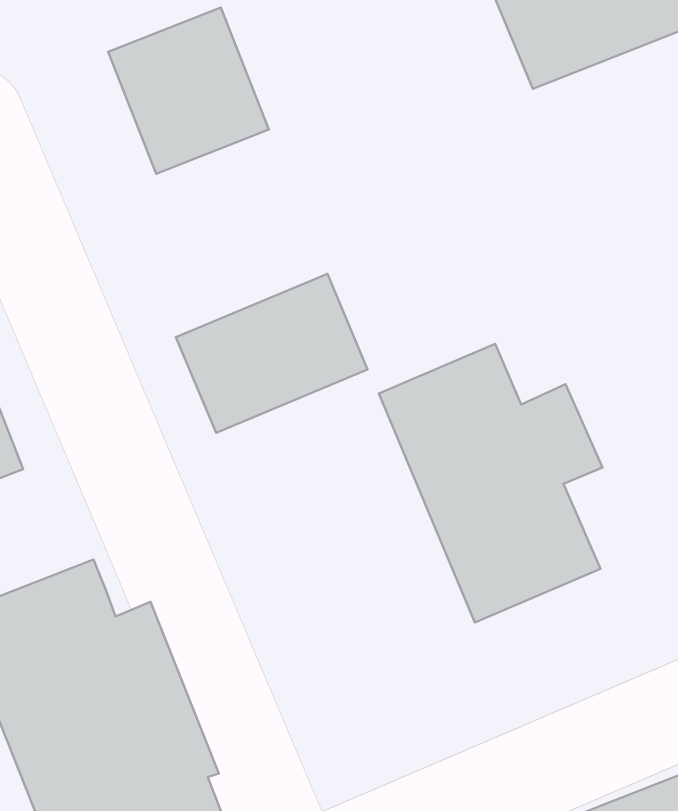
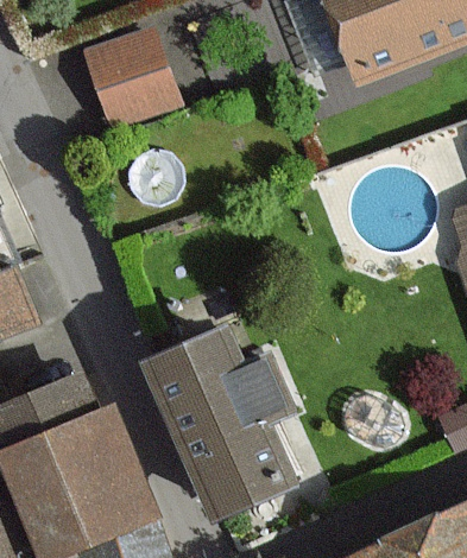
building: [176,274,368,433] -> none
building: [379,344,602,622] -> [151,334,295,513]

